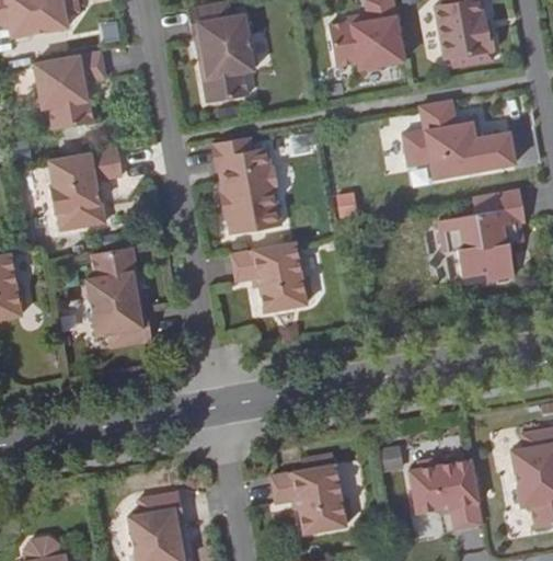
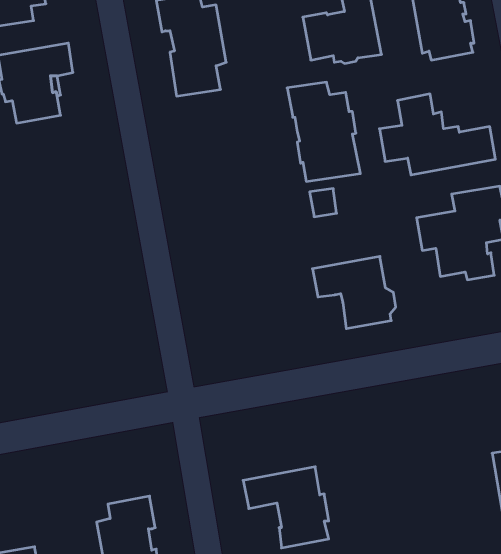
building: [210,137,281,233] -> [287,82,360,181]
building: [46,147,123,231] -> none
building: [229,242,310,312] -> [312,256,396,329]
building: [84,247,150,348] -> none
building: [408,457,483,526] -> none

